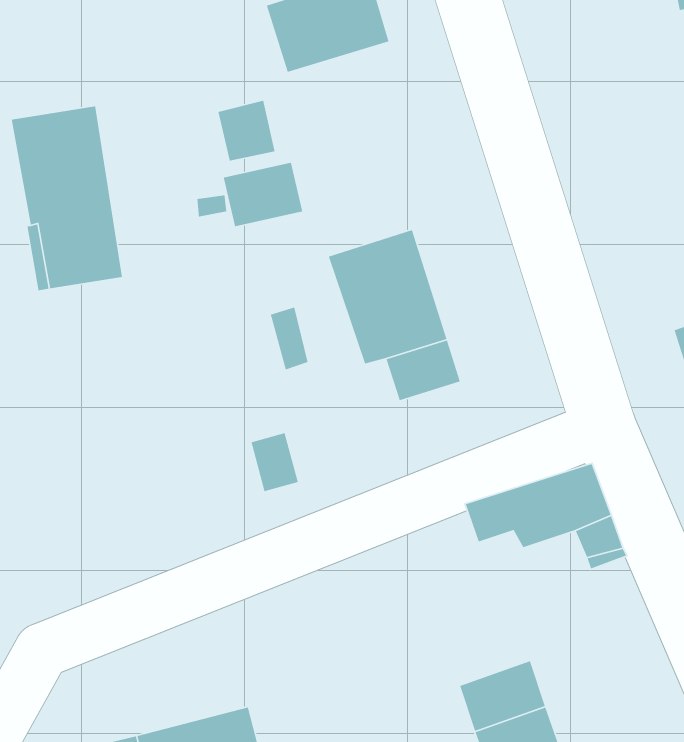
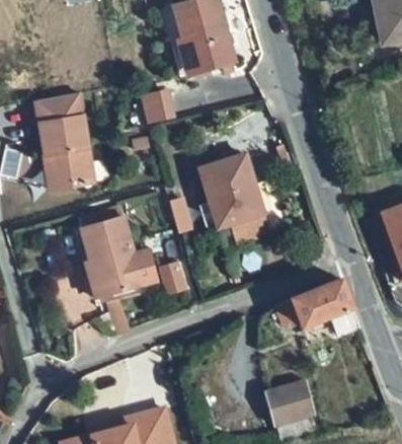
building: [223,162,303,227] -> none
building: none -> [81,216,156,301]

